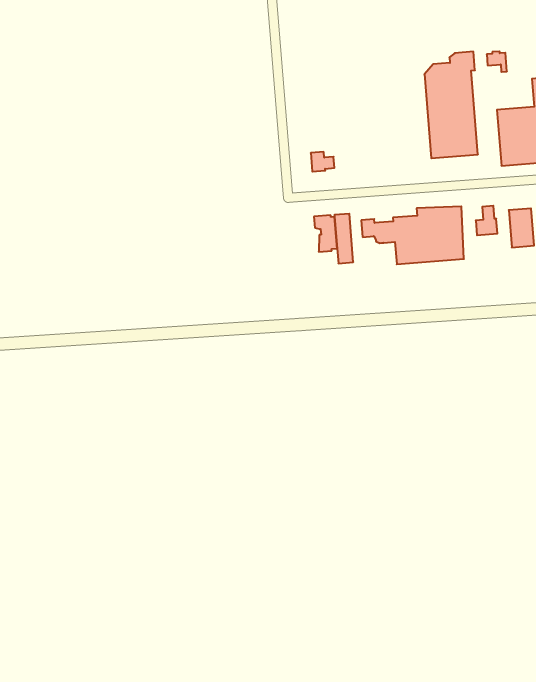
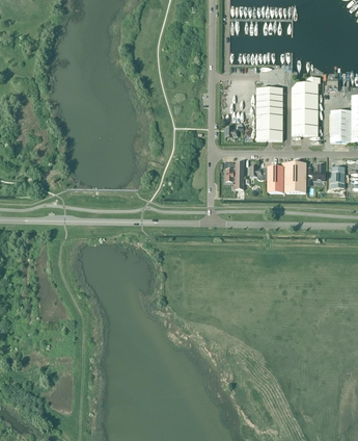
building: none -> [256,86,282,140]

